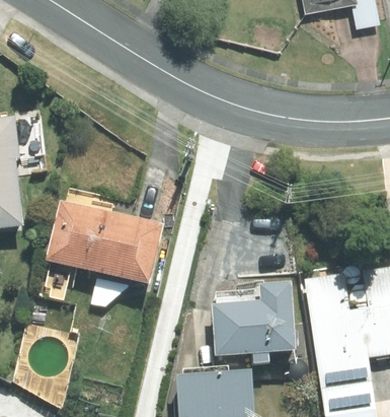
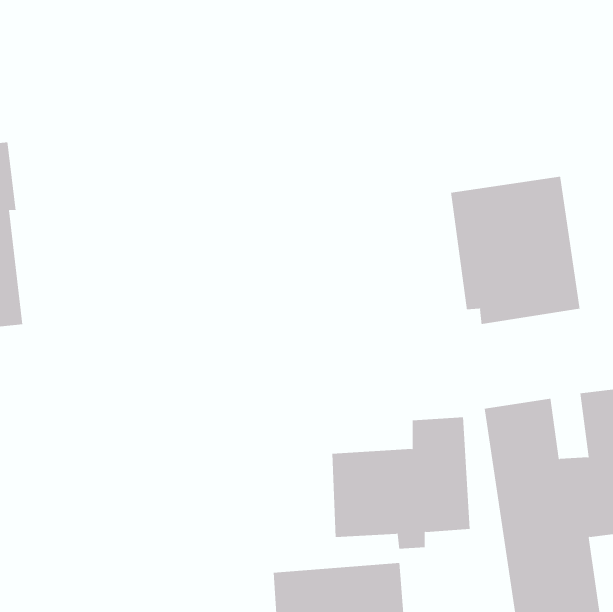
building: none -> [450,176,580,325]
building: [45,199,163,285] -> none

